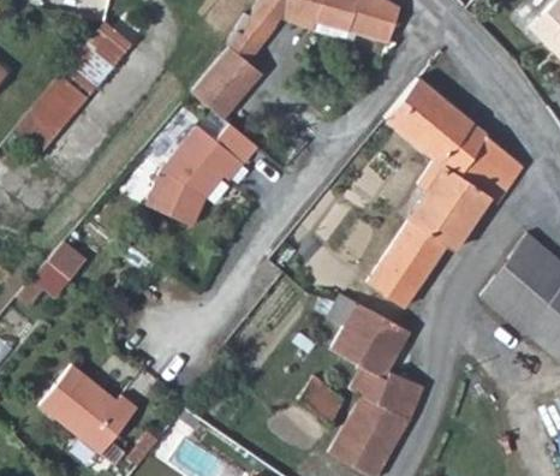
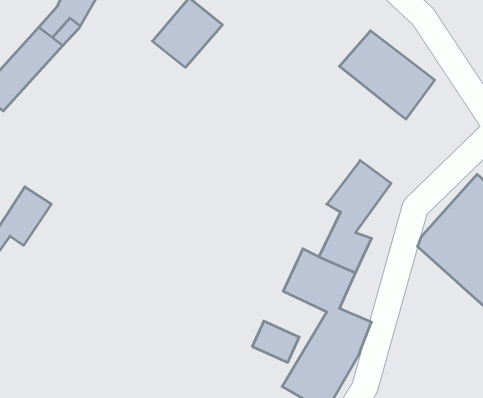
building: [148,120,246,221] -> none
building: [410,131,526,246] -> none
building: [40,362,138,451] -> none

